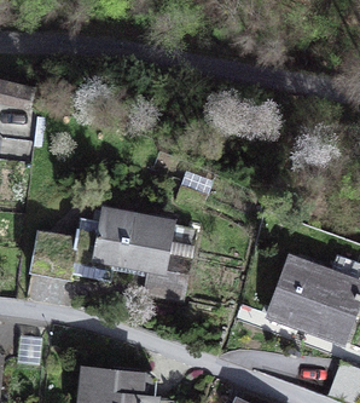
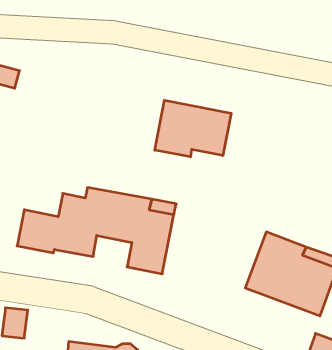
building: none -> [155,100,231,157]

